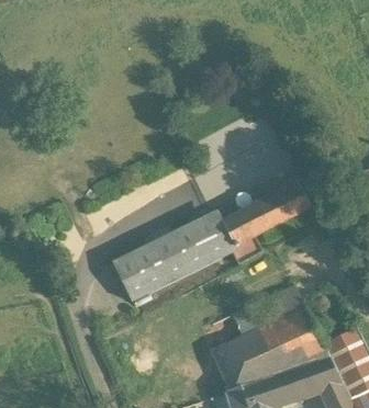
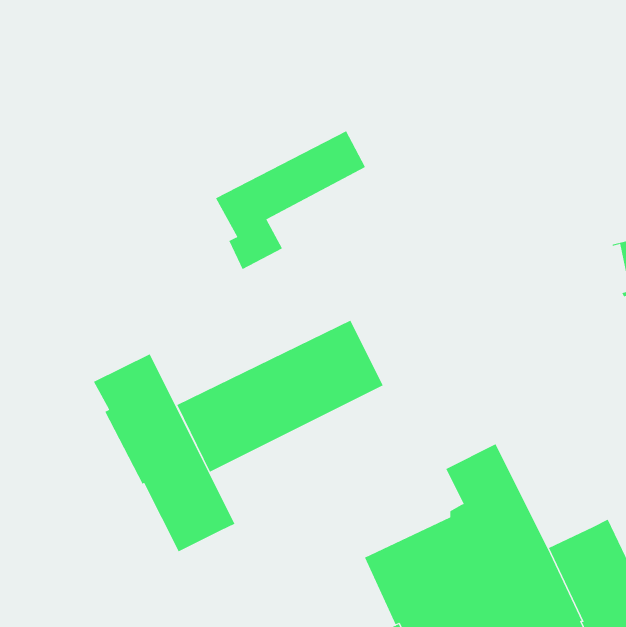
building: [221,185,306,264] -> [215,131,366,270]
building: none -> [93,353,235,552]

